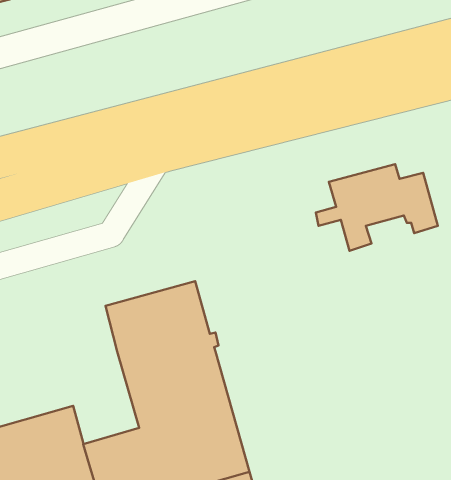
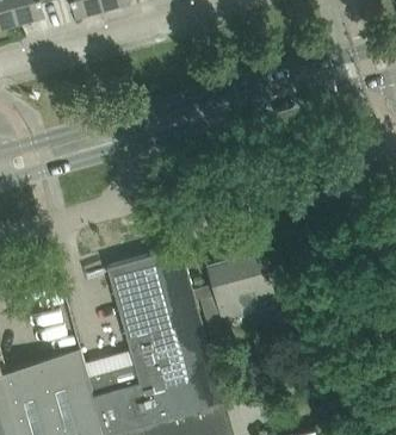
building: [316,164,438,251] -> [196,251,295,322]

